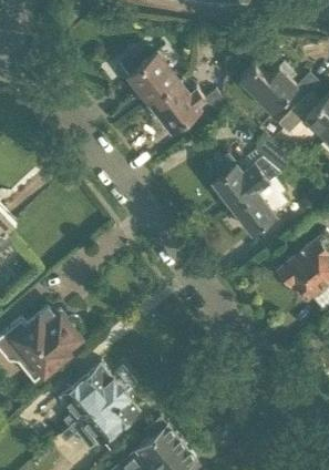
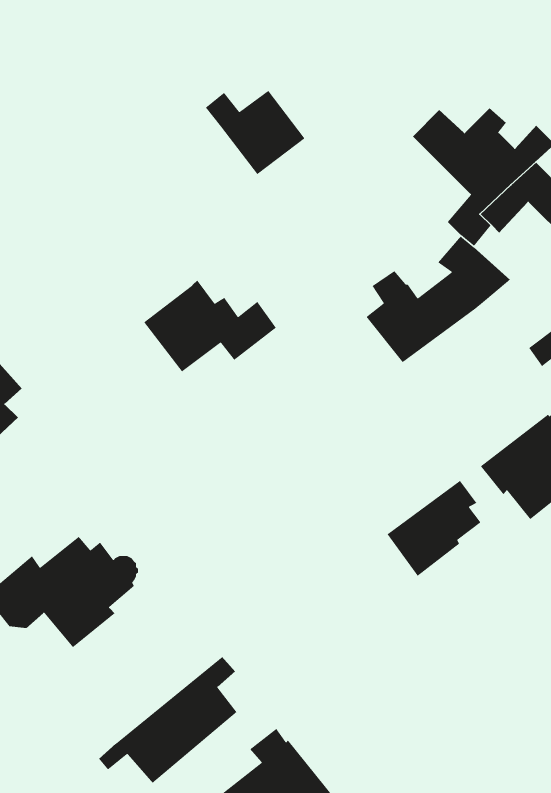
building: [150,79,226,132] -> [143,279,277,372]
building: [233,180,287,235] -> [387,480,481,577]
building: [60,364,130,428] -> none

